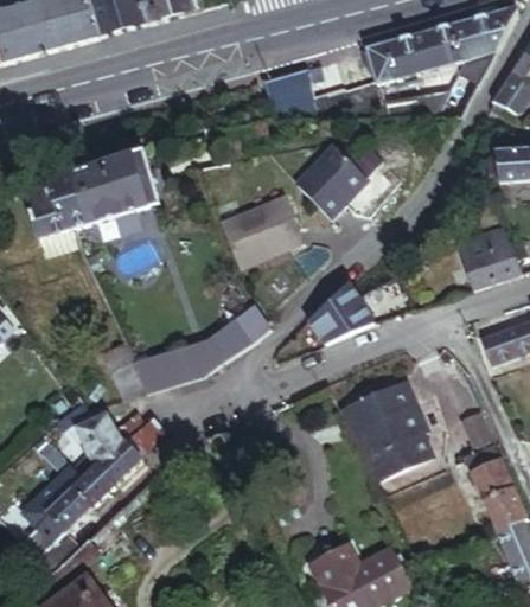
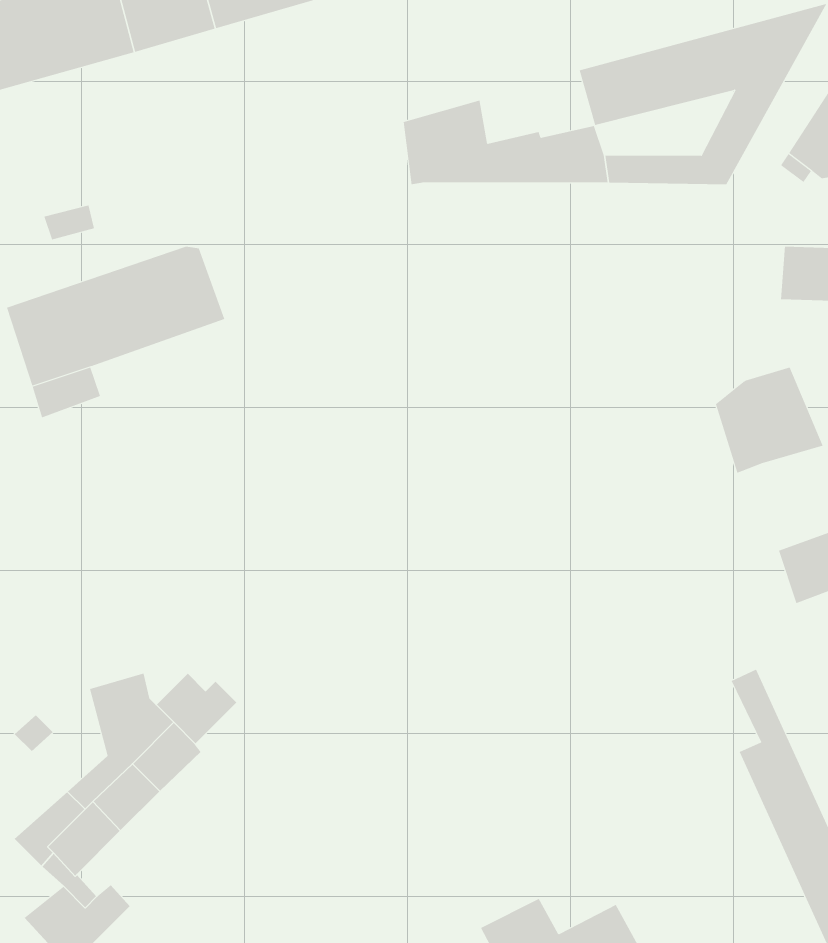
building: [295,141,384,218] -> none
building: [222,198,304,268] -> none
building: [308,280,370,340] -> none
building: [102,306,267,396] -> none
building: [340,377,433,480] -> none

